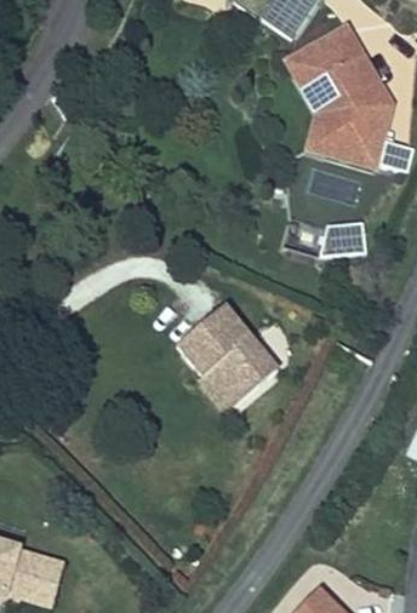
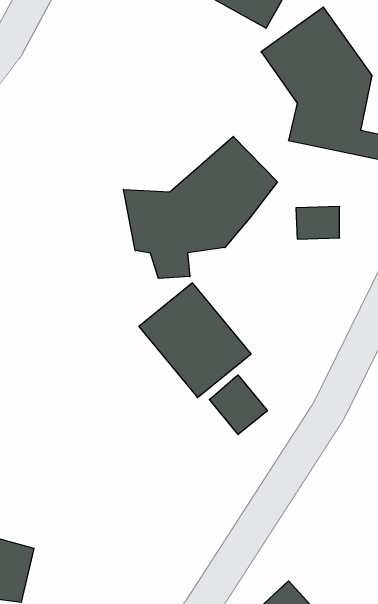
building: none -> [123,136,277,278]
building: none -> [209,375,267,434]

